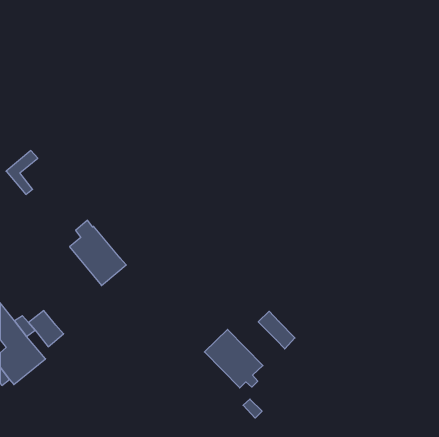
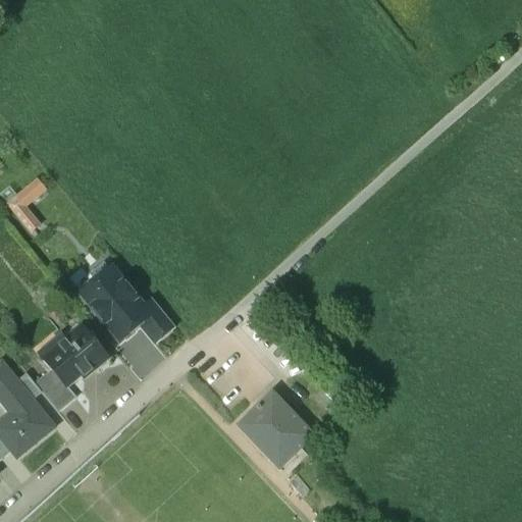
building: none -> [140,299,175,343]
building: none -> [43,325,108,385]
building: [258,311,295,349] -> none

